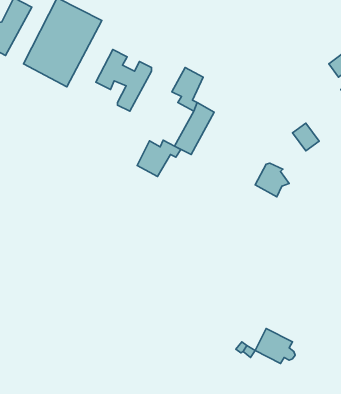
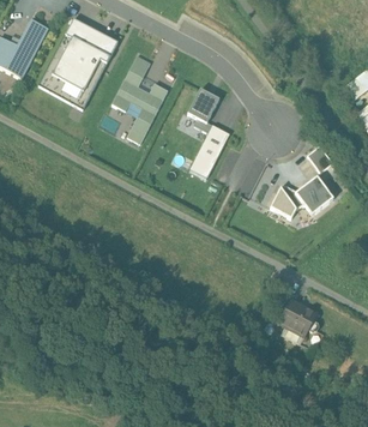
building: [137,140,181,176] -> none
building: none -> [295,175,333,214]
building: [255,329,295,364] -> [279,299,319,333]

